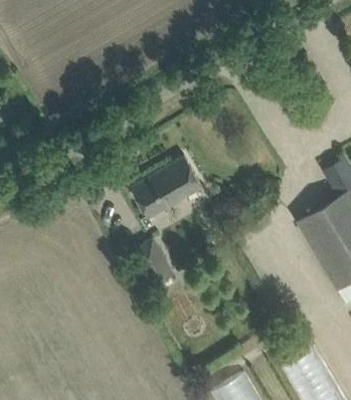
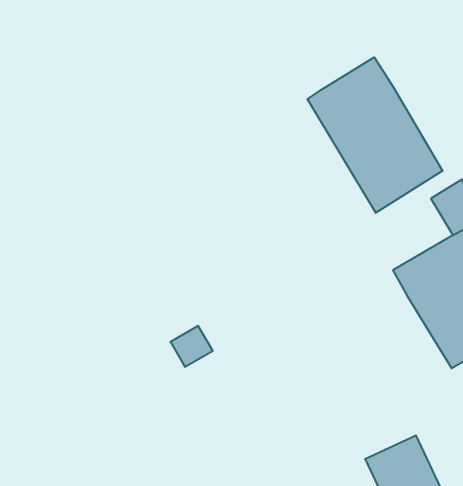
building: none -> [307,57,443,213]
building: [132,160,202,220] -> none

